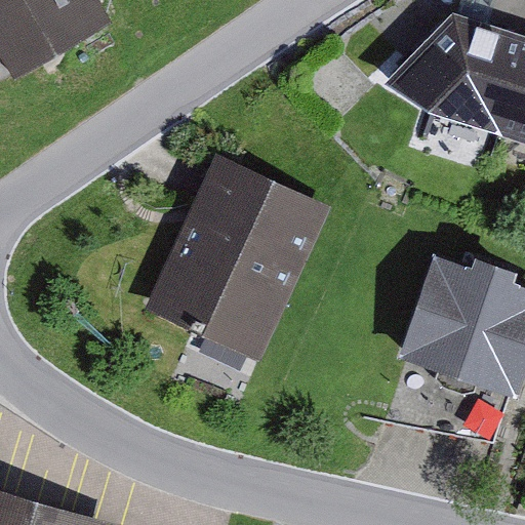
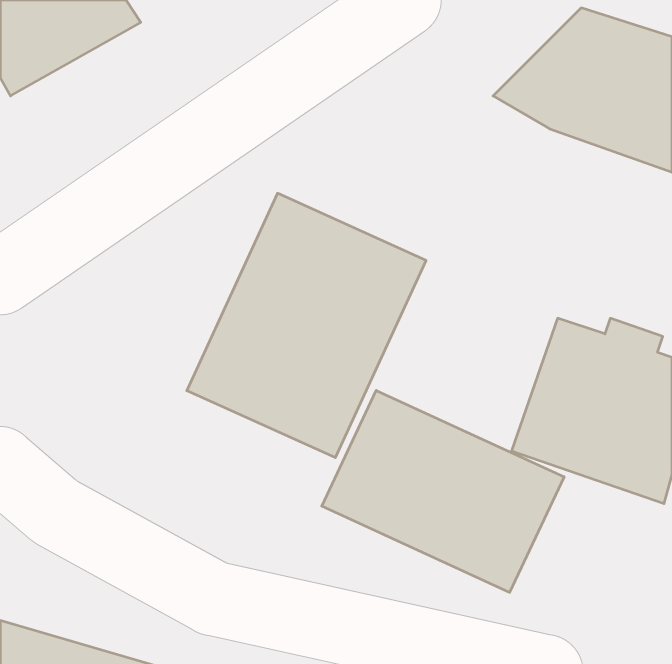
building: none -> [322,390,564,592]

